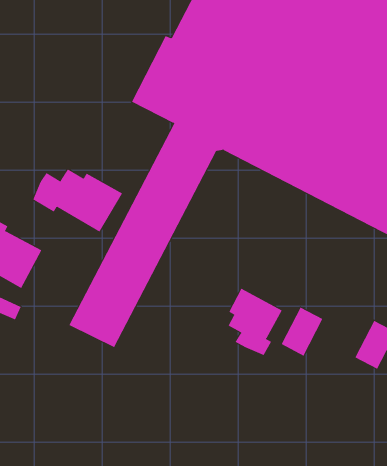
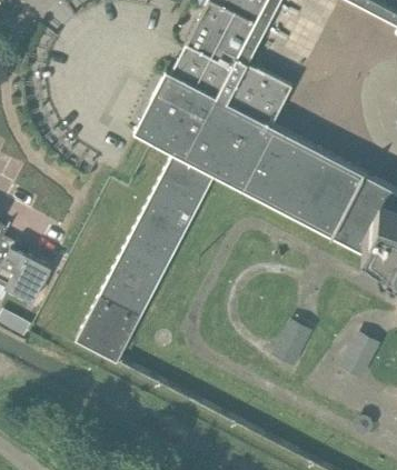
building: [33,169,123,233] -> none
building: [228,288,283,356] -> none

